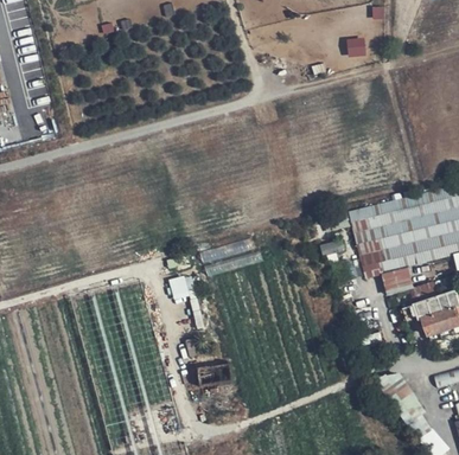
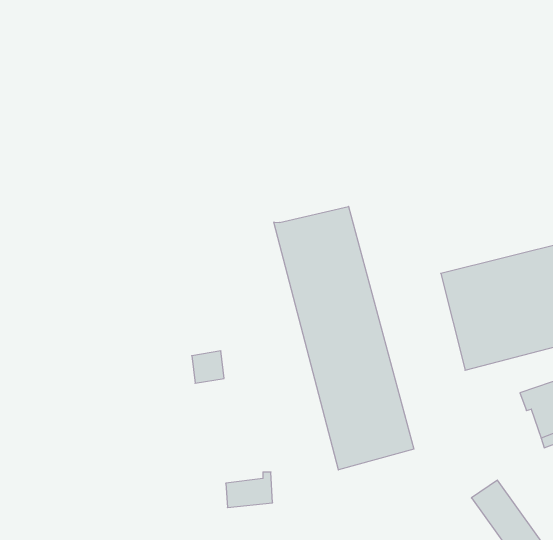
building: none -> [274,206,414,470]

